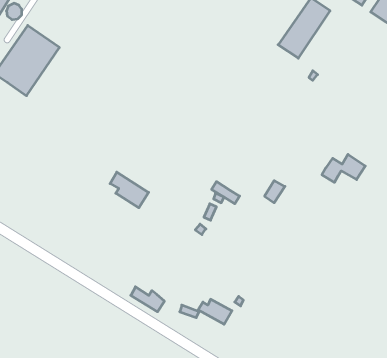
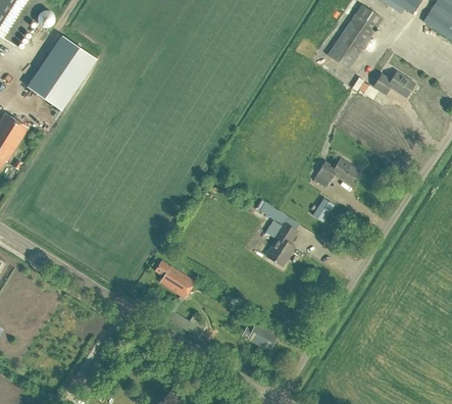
building: none -> [372,72,415,98]
building: [322,154,365,182] -> [312,159,358,189]
building: [110,172,149,208] -> [153,260,194,298]
building: none -> [266,222,299,267]

